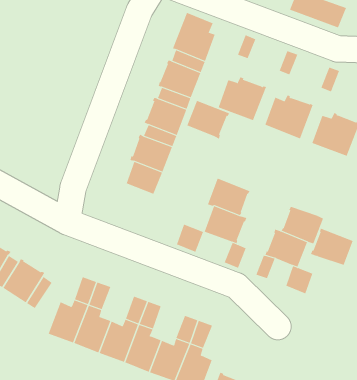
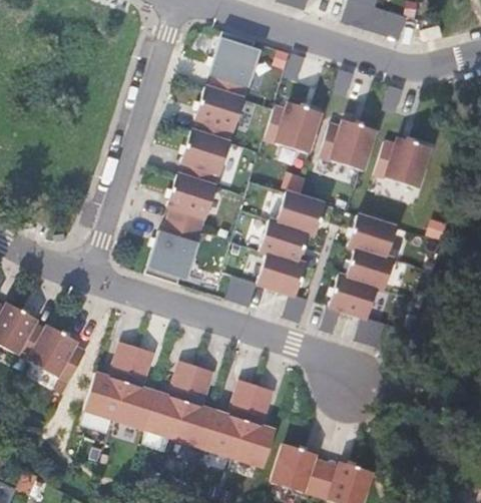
building: [186,100,230,140] -> [277,191,326,235]
building: none -> [145,230,199,284]
building: [310,228,353,266] -> [348,214,397,257]

